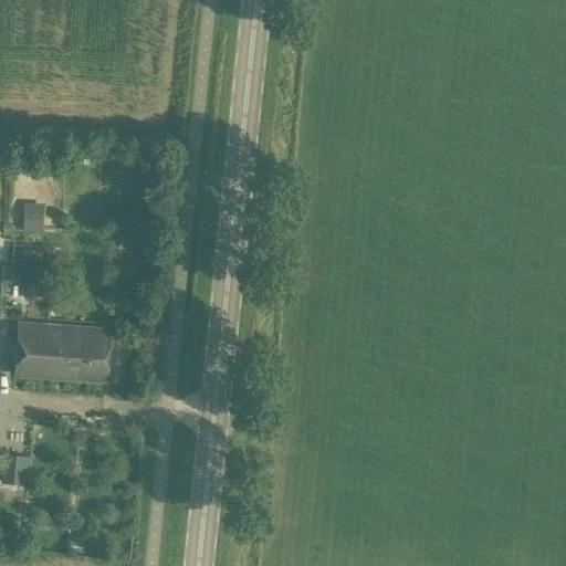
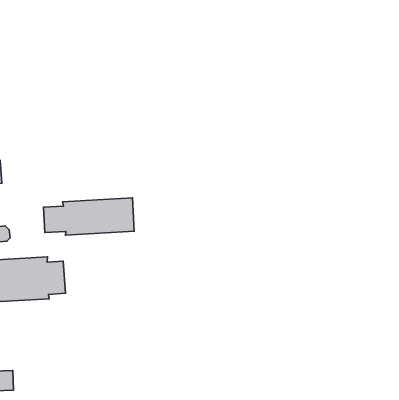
building: none -> [44,198,134,235]

